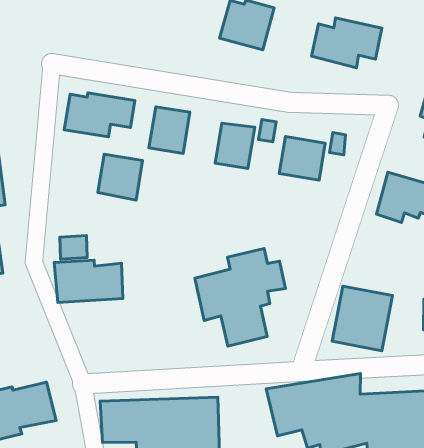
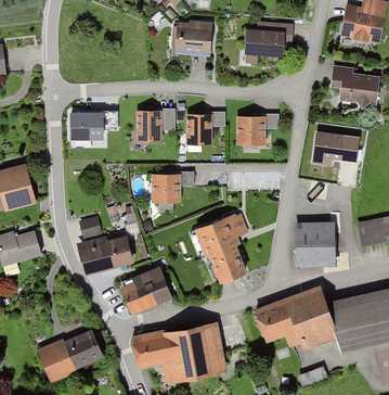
building: [98,154,143,200] -> [152,177,181,207]
building: none -> [118,266,171,314]

